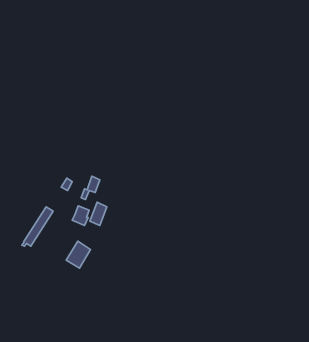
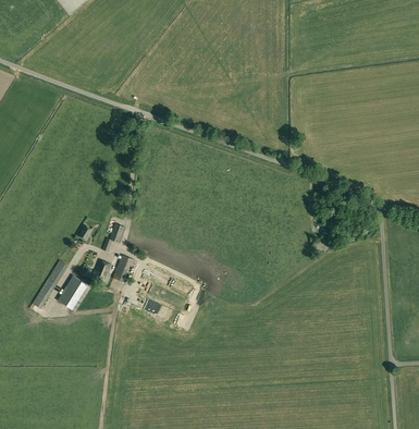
building: [66,241,90,268] -> [58,280,87,312]

